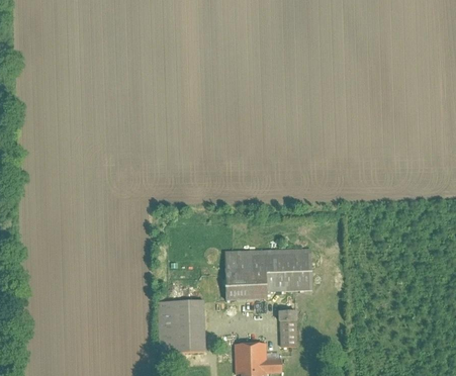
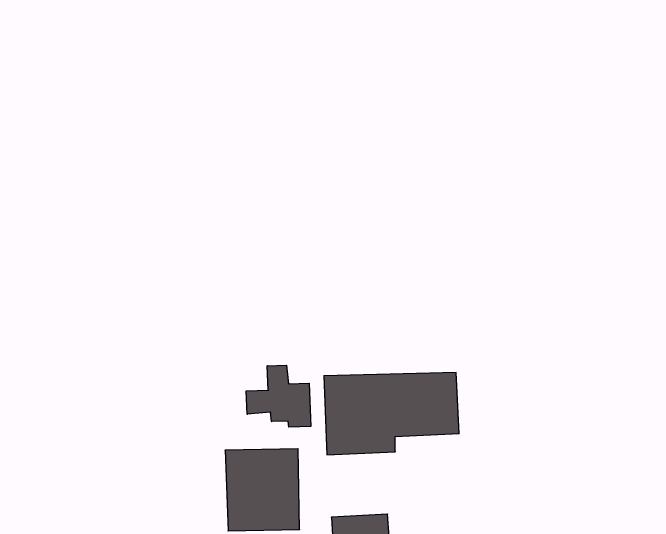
building: none -> [246,365,311,427]
building: [275,310,300,346] -> none

